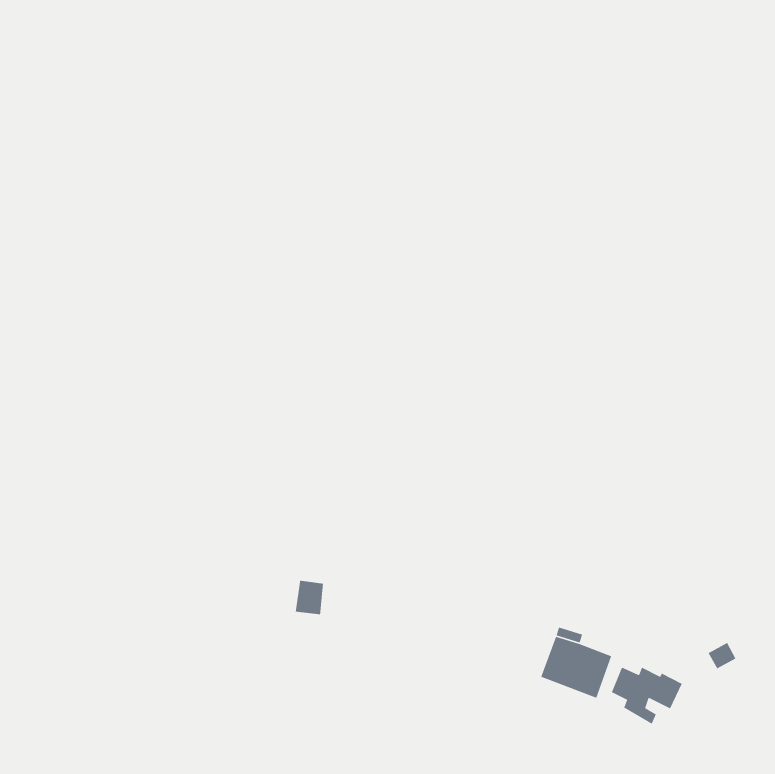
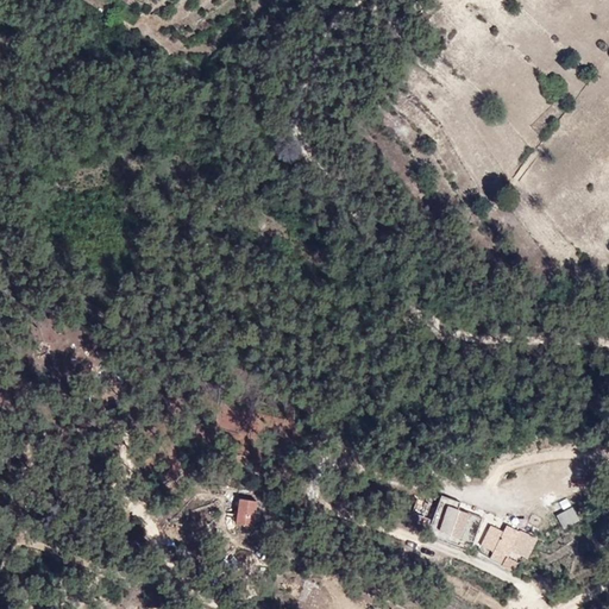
building: [295,580,324,615] -> [237,496,259,523]

